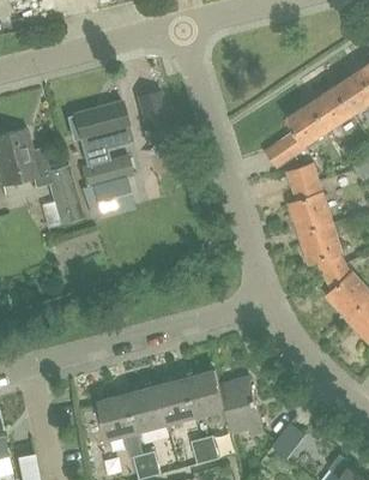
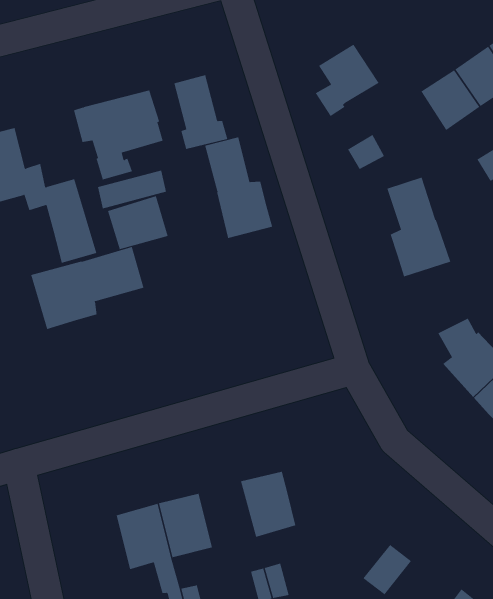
building: [284,103,329,155] -> [315,44,379,117]
building: none -> [205,137,273,239]
building: none -> [31,246,144,330]
building: [300,223,345,274] -> none
building: [218,377,262,436] -> none
building: [156,378,195,425] -> none

